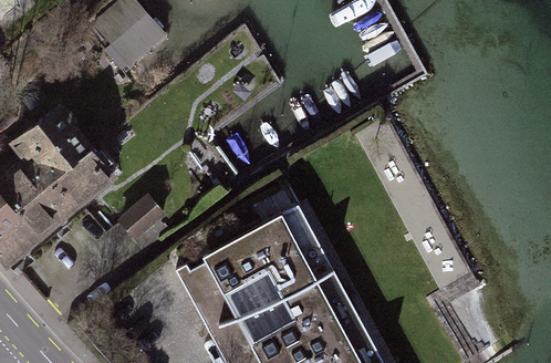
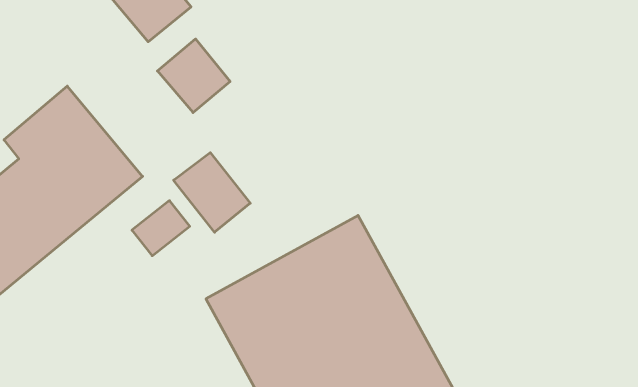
building: none -> [157,39,230,113]
building: none -> [174,153,250,232]

